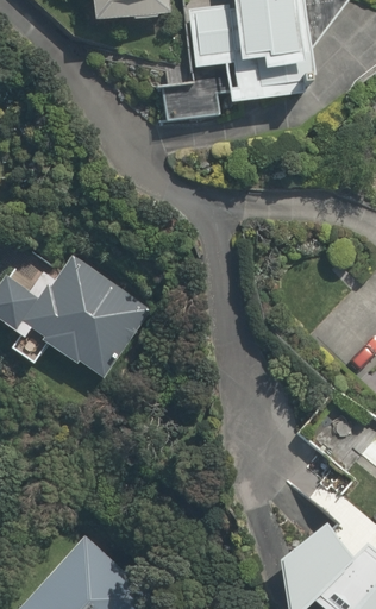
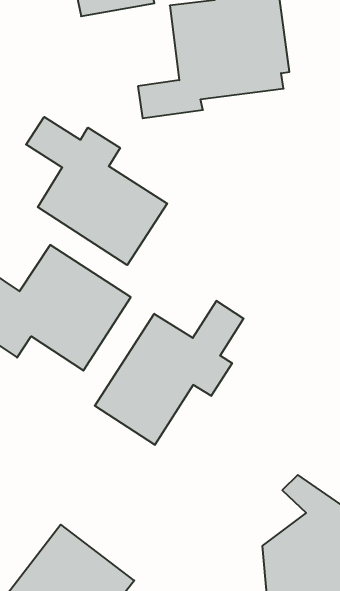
building: none -> [26,117,167,265]
building: none -> [95,301,244,445]

